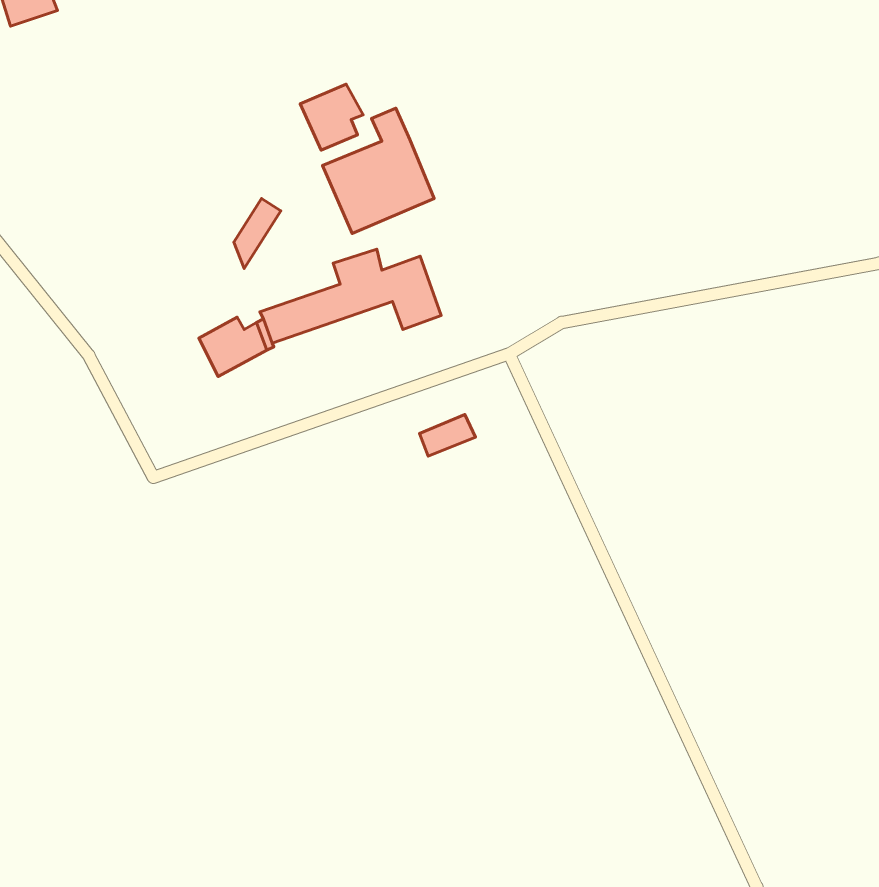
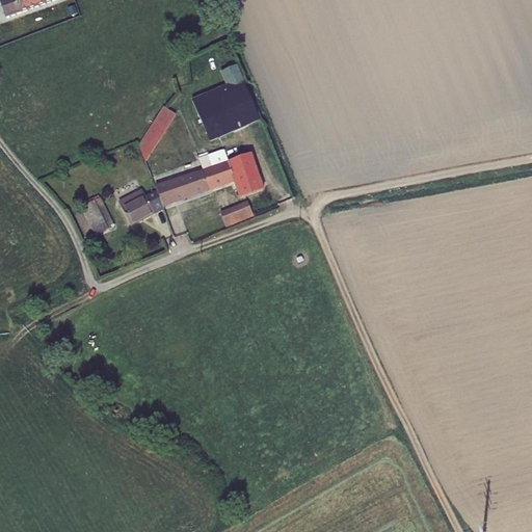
building: [300,84,363,150] -> none
building: none -> [82,196,114,234]
building: [420,414,475,456] -> [220,201,254,225]

